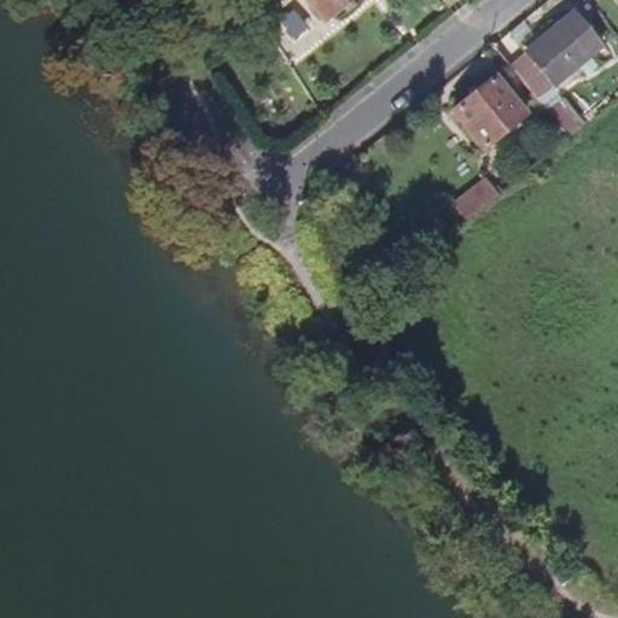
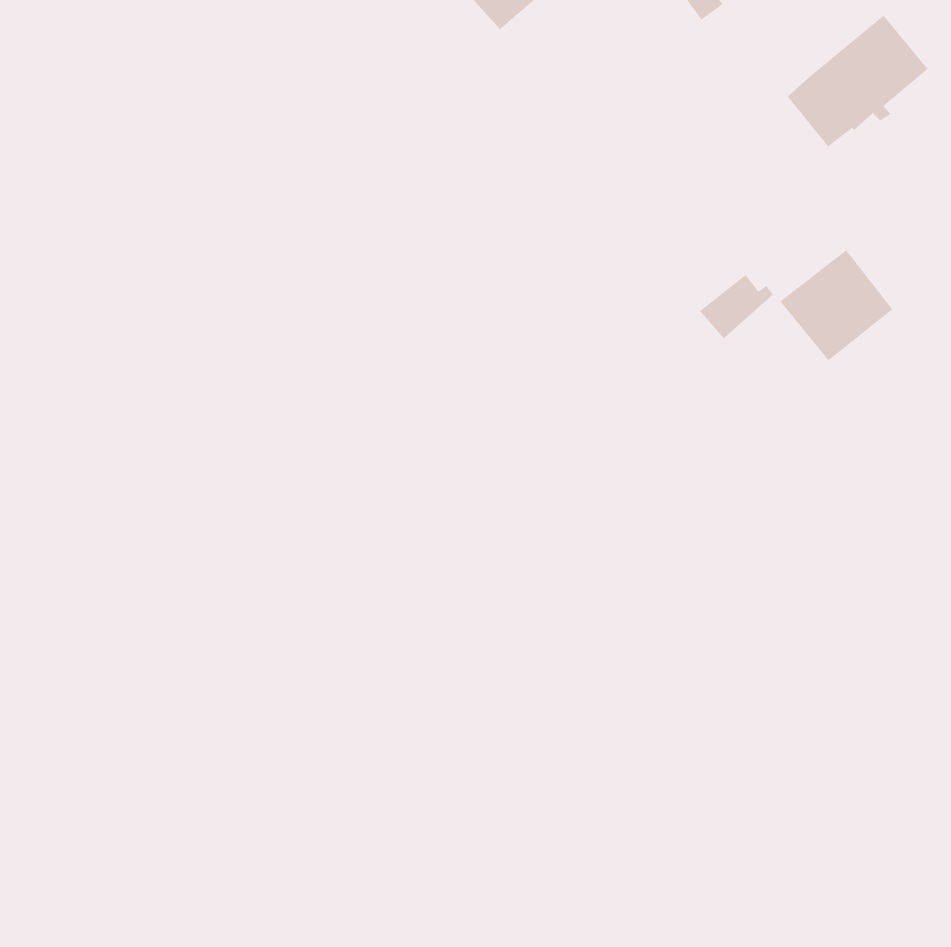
building: [453,75,526,147] -> [780,249,893,361]

